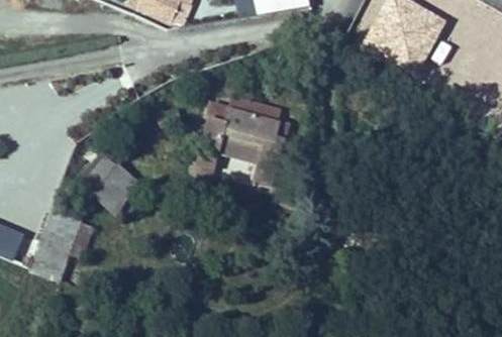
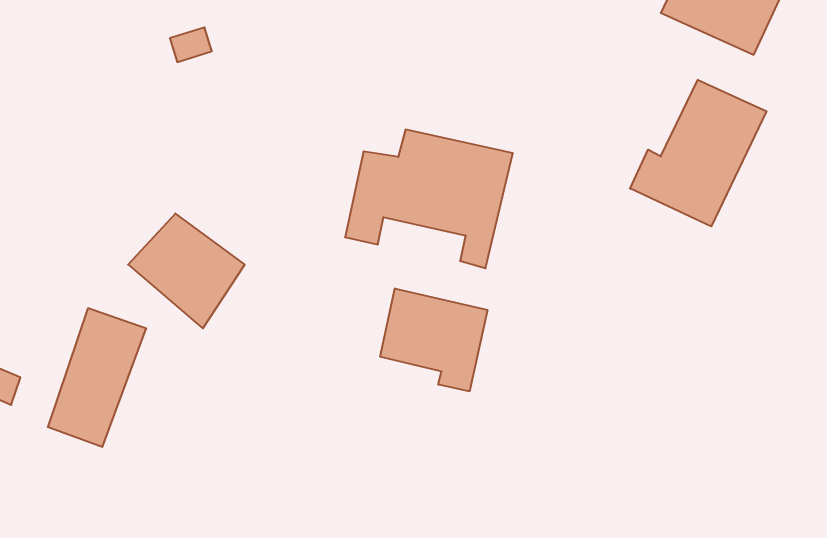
building: none -> [630,80,766,226]
building: none -> [380,288,487,391]

